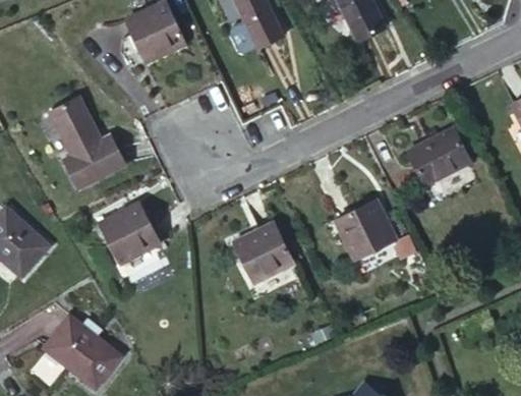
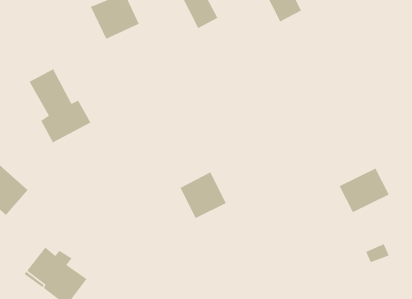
building: [408,128,471,184] -> [338,168,390,213]
building: [335,201,396,260] -> none
building: [99,204,162,265] -> none

